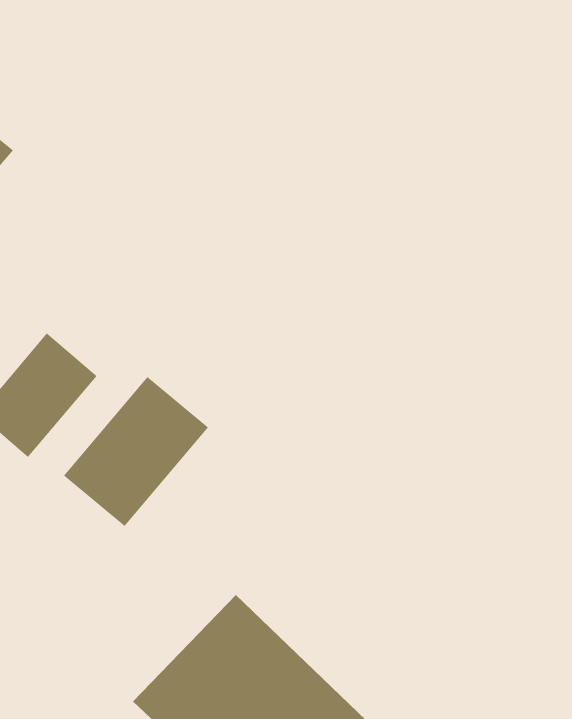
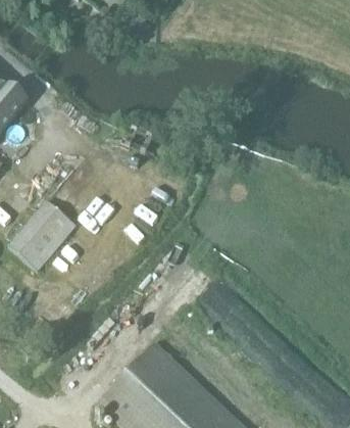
building: [63,376,209,527] -> none

